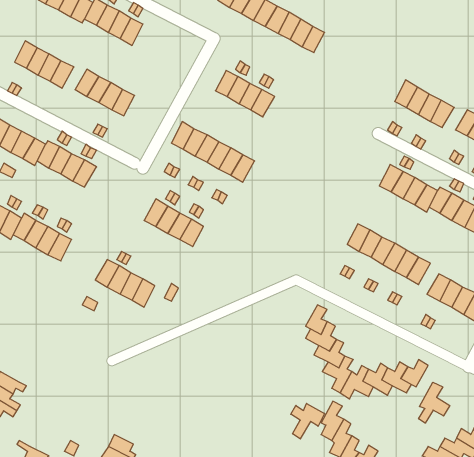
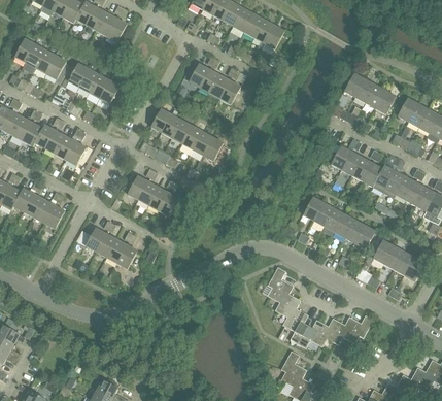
building: [419,382,450,423] -> none
building: [291,403,325,439] -> none

